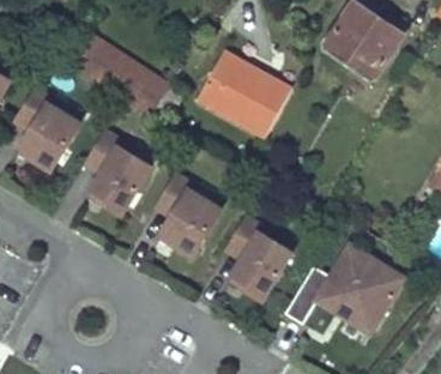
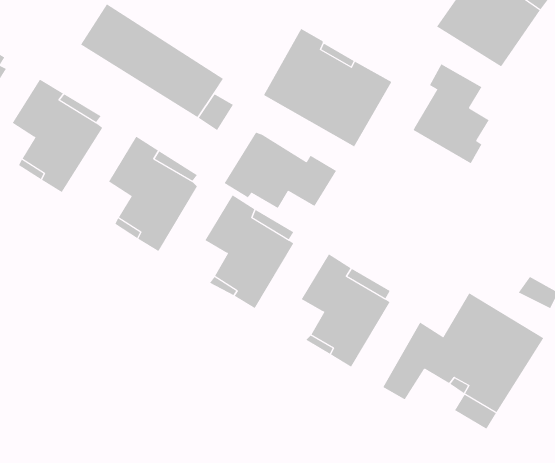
building: none -> [413,64,490,164]
building: none -> [224,132,337,209]

